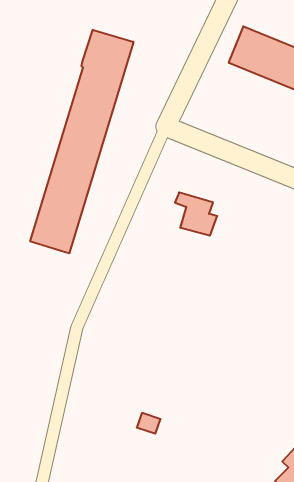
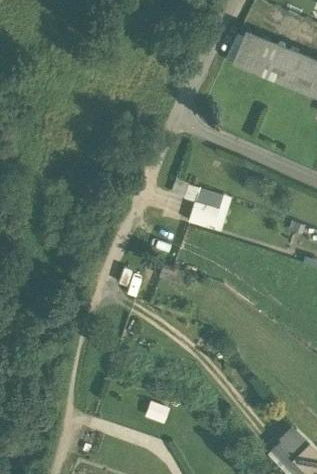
building: [30,30,133,253] -> none

